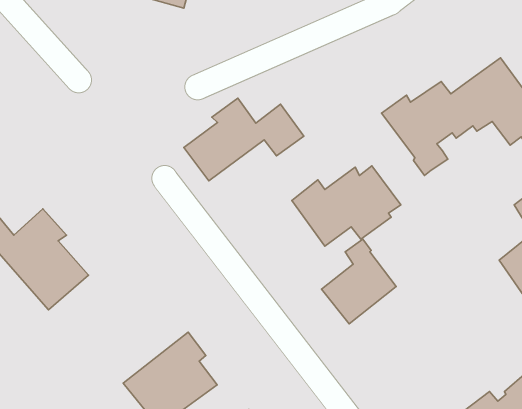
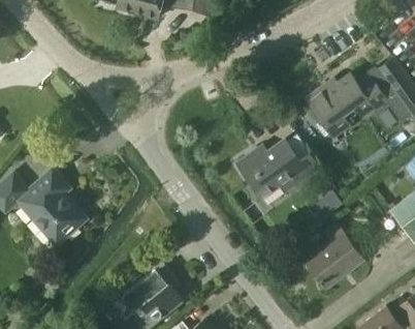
building: [184,98,304,181] -> none
building: [322,239,396,324] -> [306,223,361,287]

